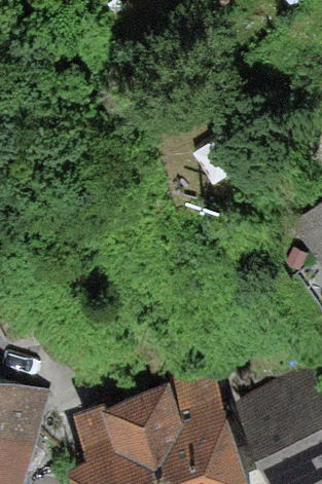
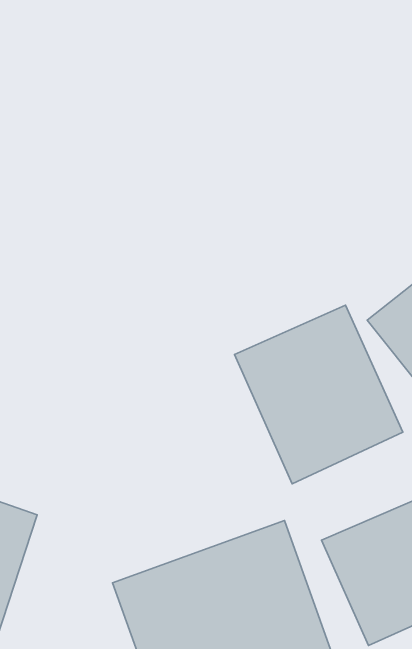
building: none -> [234,305,403,484]

